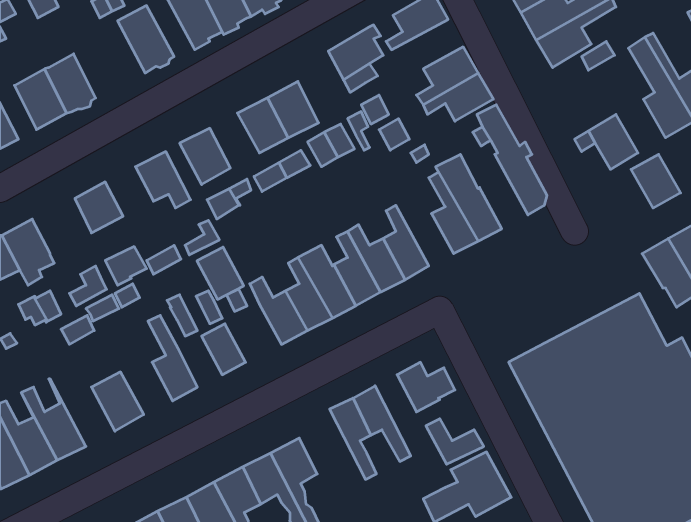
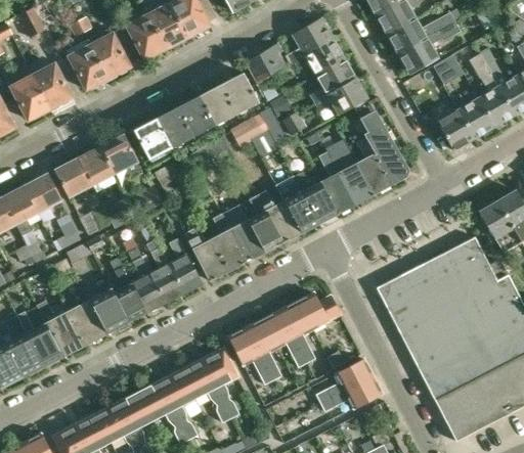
building: none -> [292,38,345,75]
building: none -> [67,39,108,89]
building: none -> [222,72,260,115]
building: none -> [157,107,193,148]
building: [631,154,681,208] -> [458,97,495,137]
building: none -> [357,138,393,193]
building: none -> [79,147,115,184]
building: none -> [295,172,338,221]
building: none -> [25,175,60,212]
building: [197,247,244,299] -> [168,254,203,292]
building: none -> [133,273,166,311]
building: none -> [90,288,129,331]
building: none -> [33,291,86,355]
building: none -> [279,302,314,362]
building: none -> [228,327,272,384]

